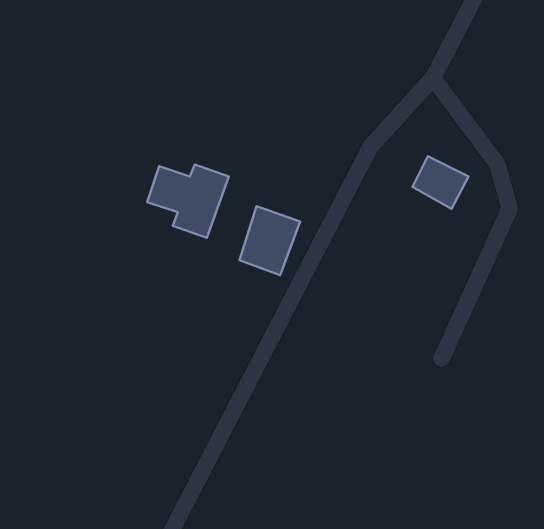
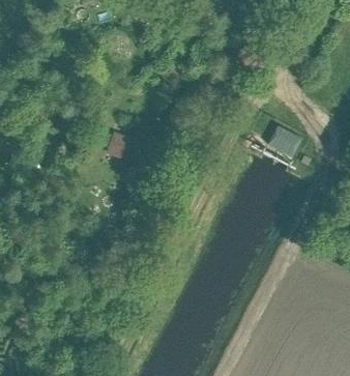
building: [239,206,300,275] -> none

